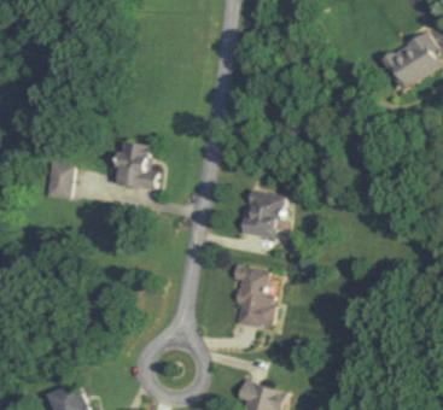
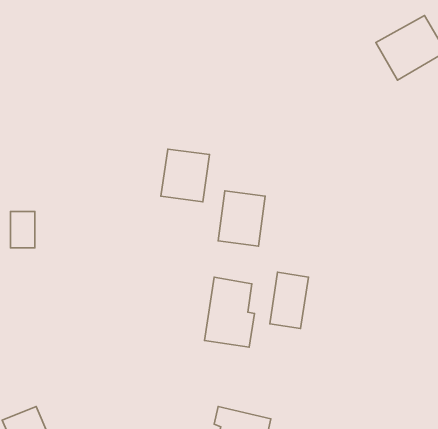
building: [110,140,153,187] -> [161,149,209,202]
building: [51,164,72,197] -> [10,211,35,248]
building: none -> [270,272,308,328]

